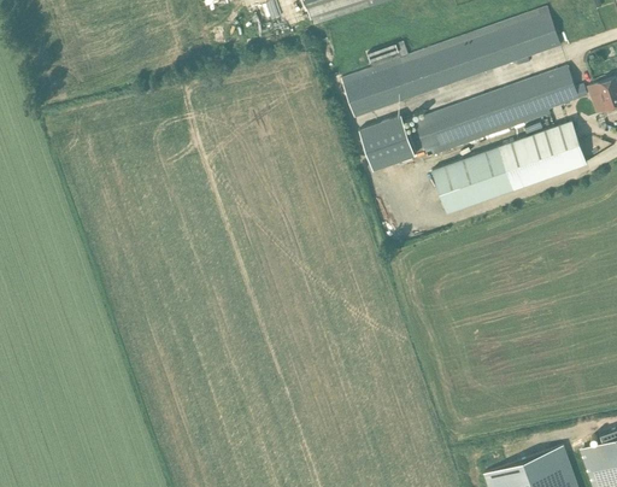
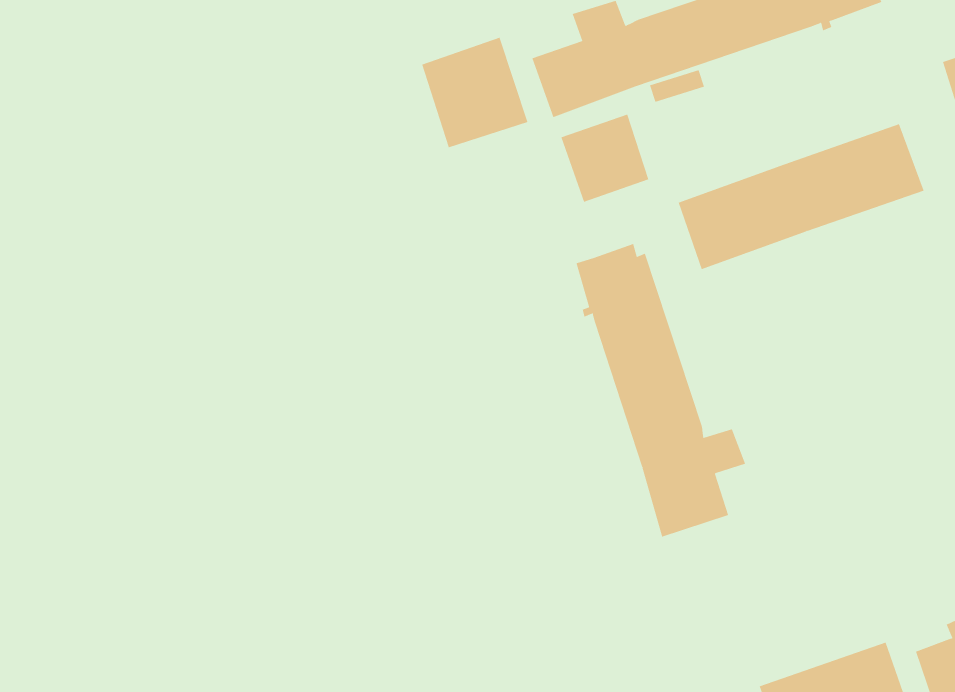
building: [413,65,587,156] -> none
building: none -> [422,37,528,148]
building: none -> [576,243,746,538]

